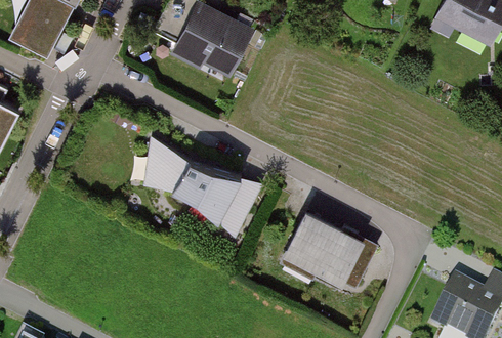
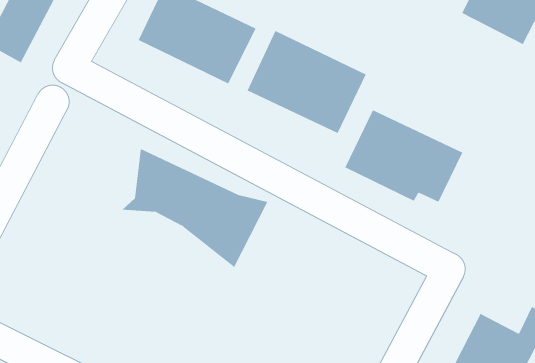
building: none -> [247,30,366,134]
building: [276,203,380,285] -> [344,109,463,203]

